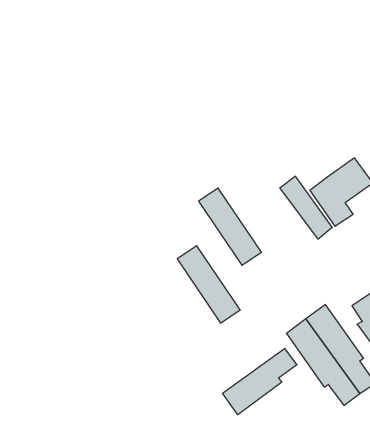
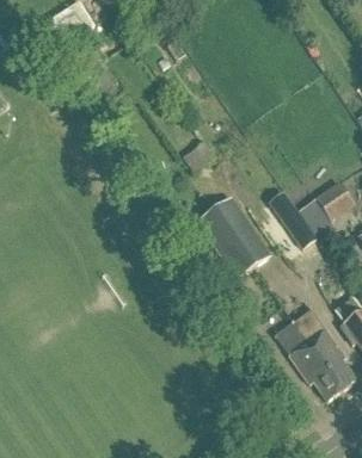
building: [177,246,240,323] -> [214,193,271,264]
building: [223,349,297,415] -> none

